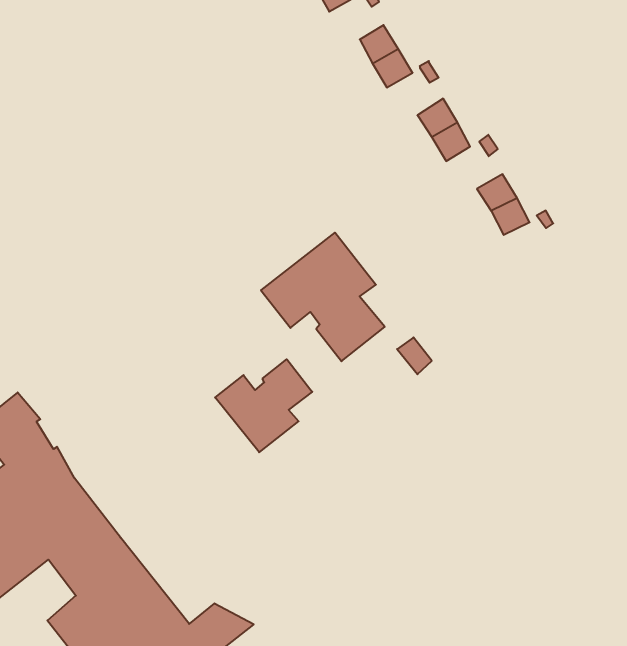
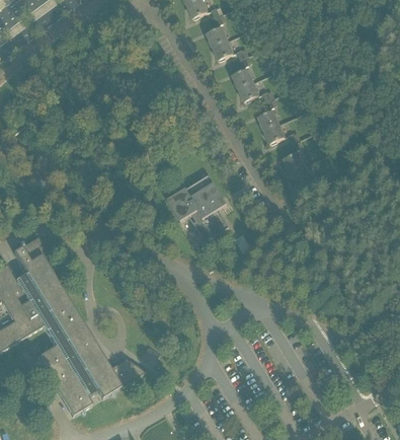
building: [215,359,312,452] -> none

